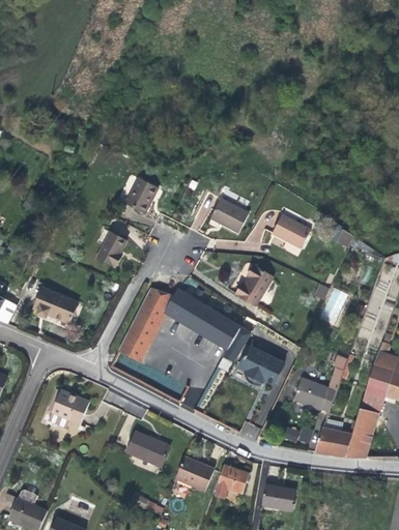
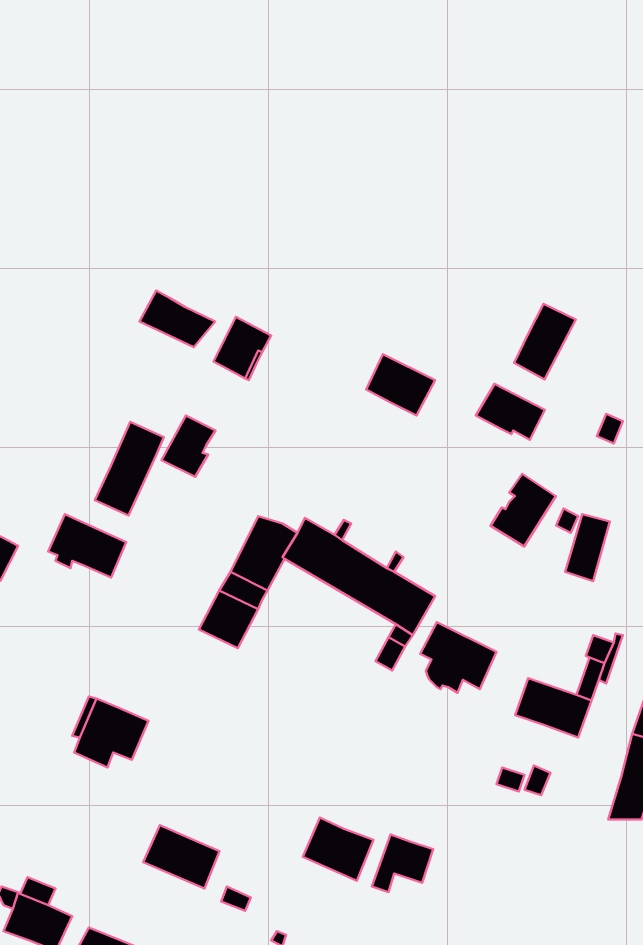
building: none -> [140,291,215,347]
building: none -> [514,304,576,380]
building: none -> [95,422,164,515]
building: [236,264,273,304] -> [491,474,556,546]
building: [314,426,352,457] -> none
building: [126,431,169,466] -> [143,825,219,888]
building: [261,485,294,509] -> none

